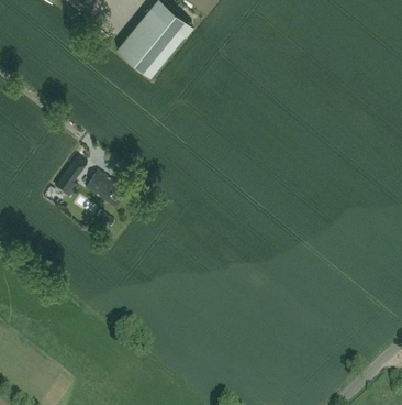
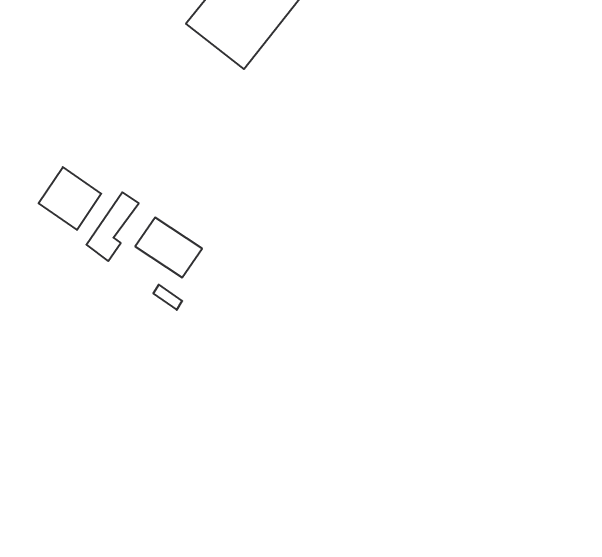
building: none -> [39,167,101,230]

